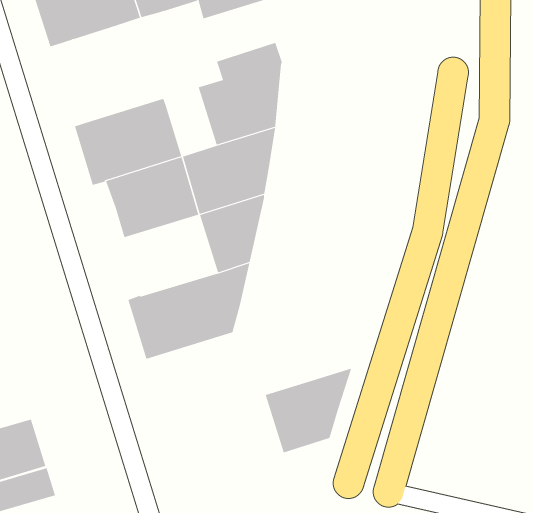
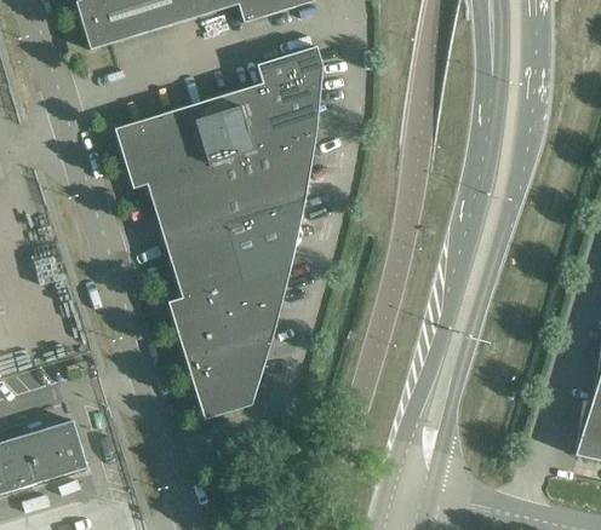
building: none -> [205,88,257,157]
building: none -> [165,215,258,296]
building: [265,368,352,453] -> [187,333,274,417]

